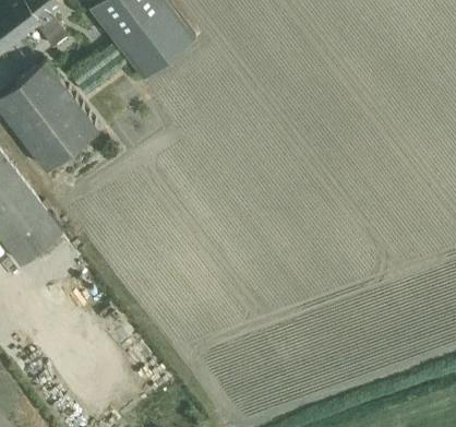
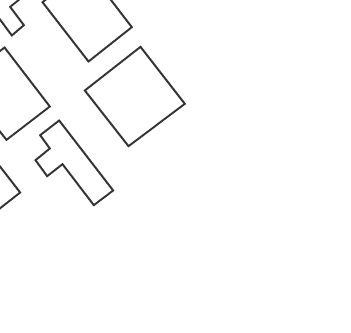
building: none -> [85,47,185,146]
building: none -> [36,121,113,205]

